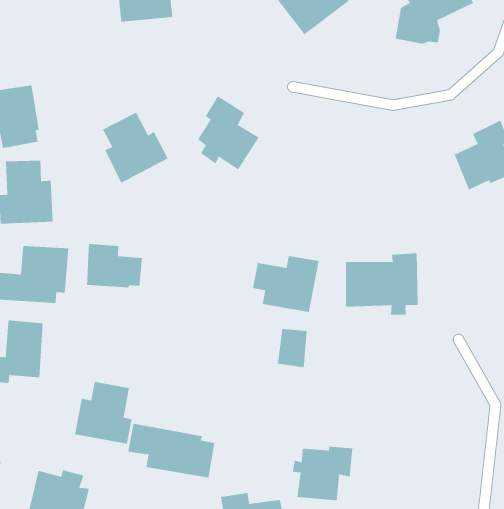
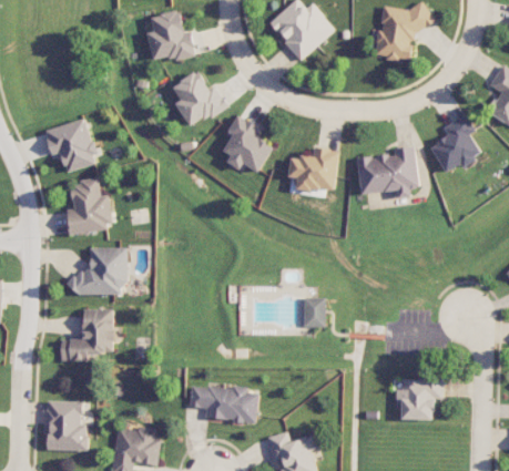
building: [102,112,168,183] -> [171,71,226,130]
building: [86,243,142,288] -> none
building: [345,253,418,315] -> [356,146,418,198]
building: [252,255,319,312] -> [286,149,338,193]
building: [75,381,132,445] -> none
building: [292,446,353,501] -> [394,377,441,420]

